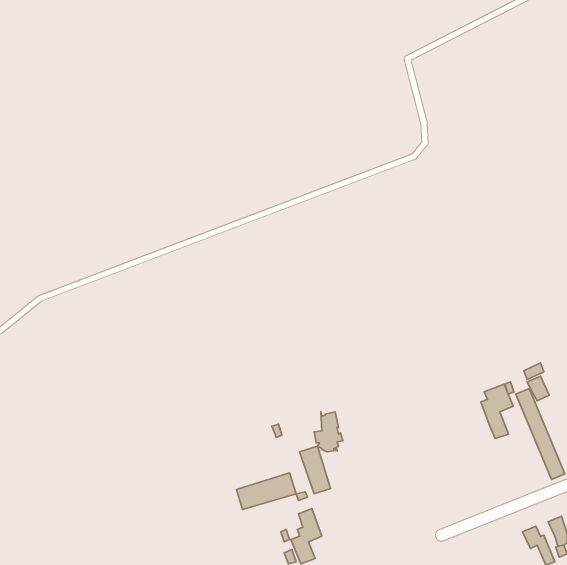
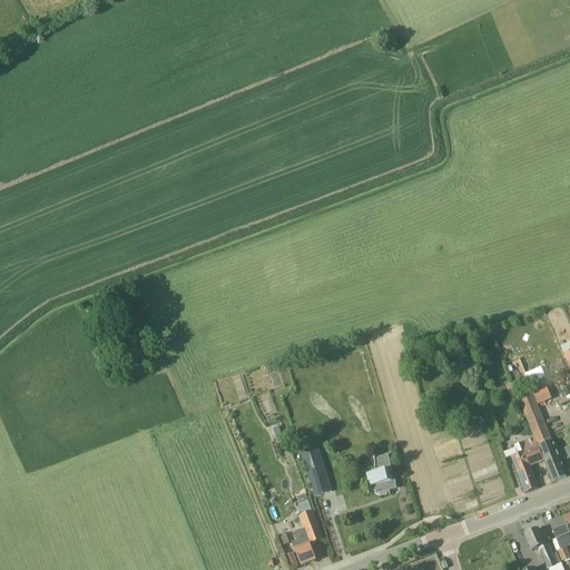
building: [481,384,513,438] -> [511,438,543,492]
building: [314,412,343,452] -> [367,454,396,494]
building: [236,473,296,510] -> none

